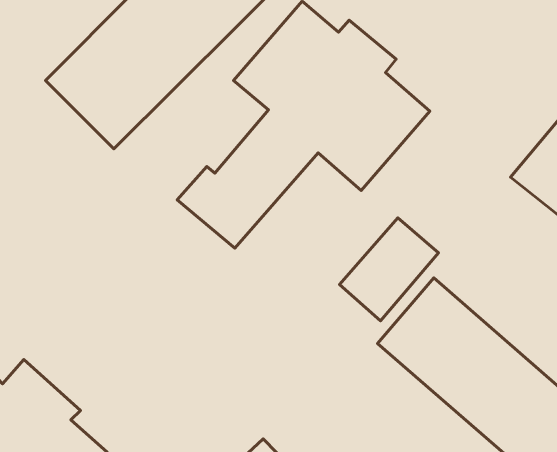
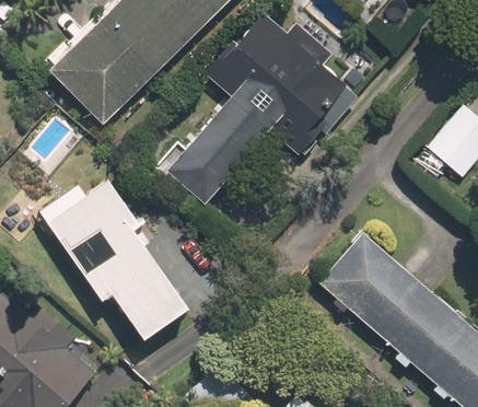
building: none -> [45,179,187,341]
building: [340,218,439,321] -> none

